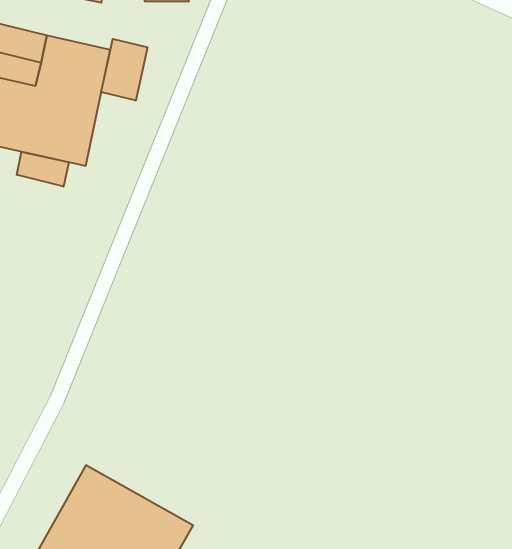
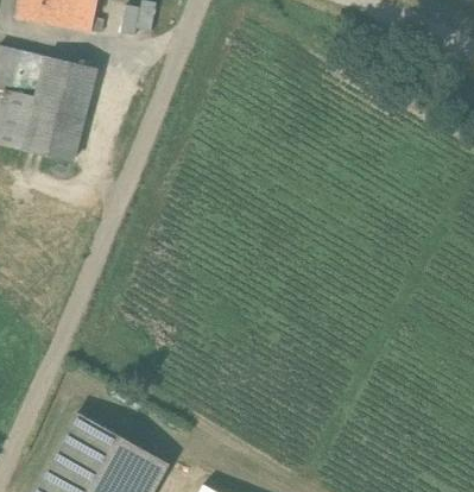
building: [101,39,147,101] -> none
building: [17,152,69,187] -> none

